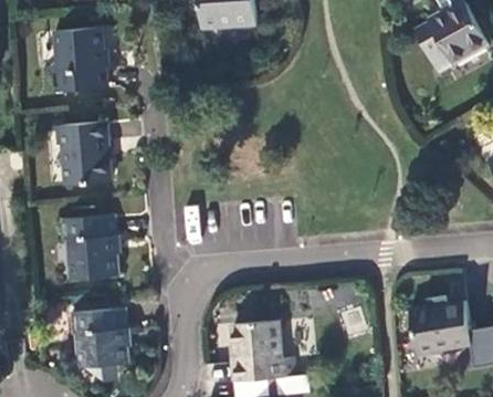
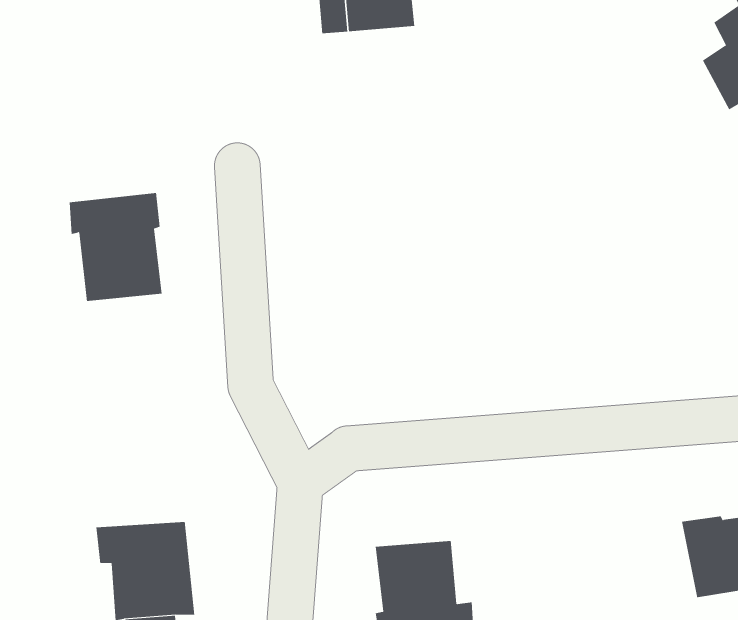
building: [50,27,105,90] -> none
building: [60,217,118,279] -> none

